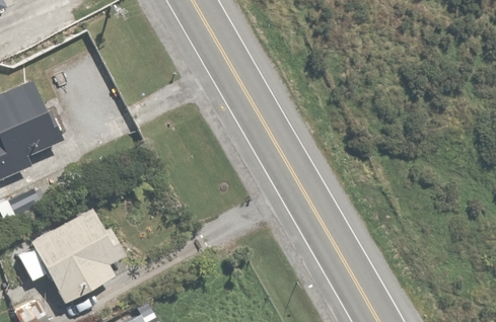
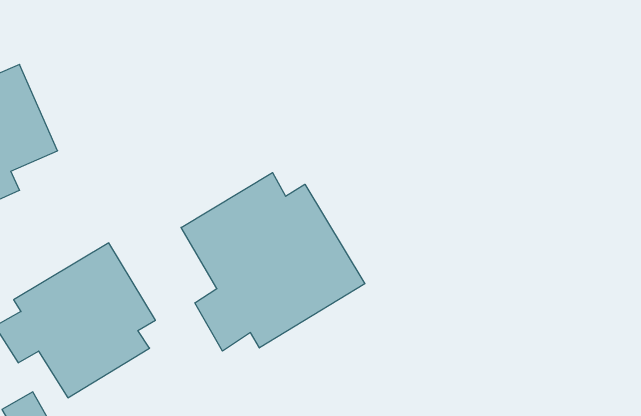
building: none -> [181,173,365,351]

